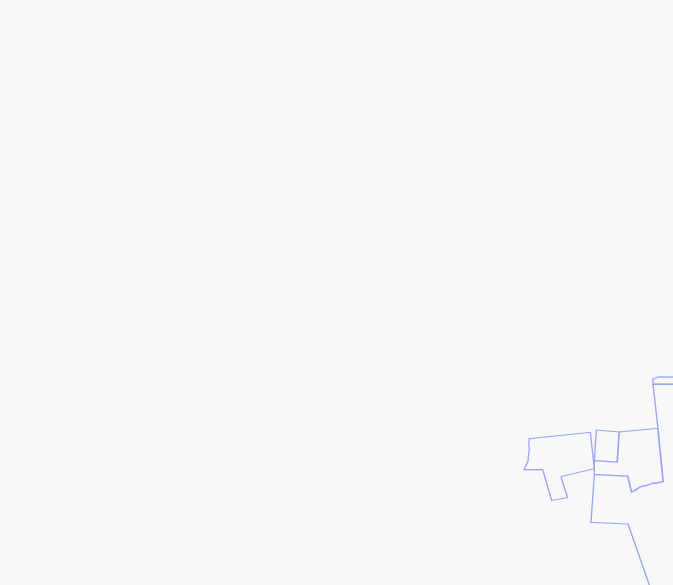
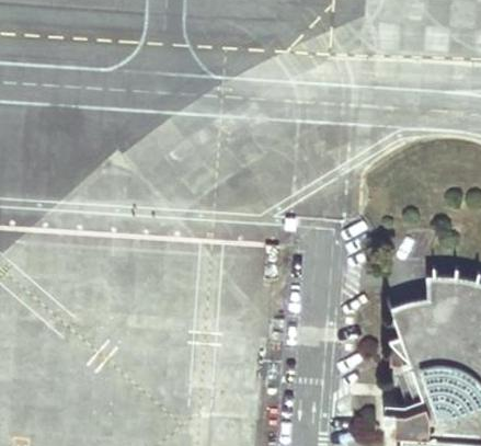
building: [524,432,594,501] -> none

